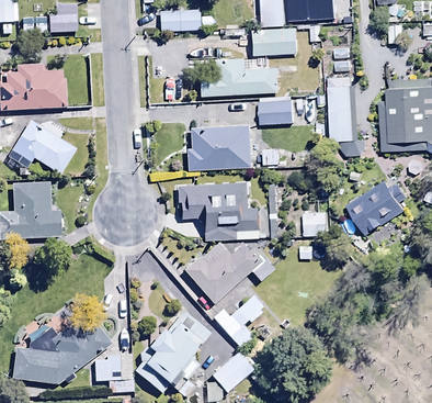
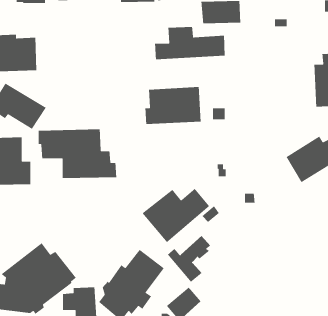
building: [328,77,366,155] -> none
building: [260,96,293,125] -> none
building: [177,182,266,239] -> [38,128,117,179]
building: [304,211,327,236] -> none

